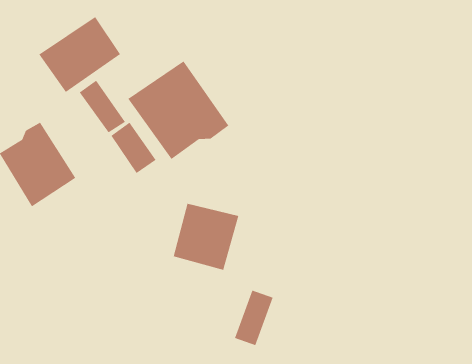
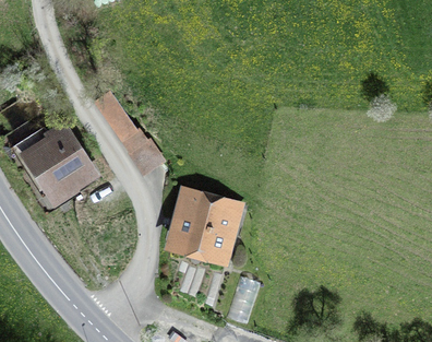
building: [38,16,121,93] -> none
building: [127,61,229,160] -> none

